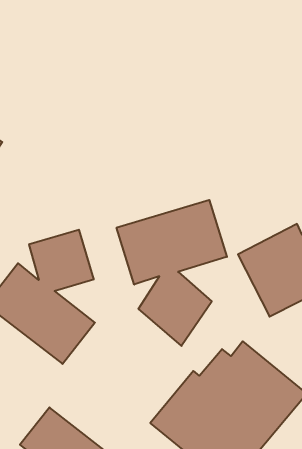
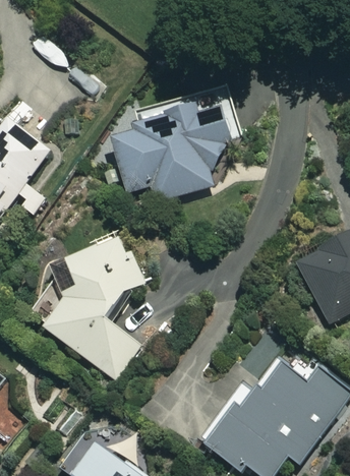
building: none -> [85,104,227,220]
building: [117,200,227,346] -> none

